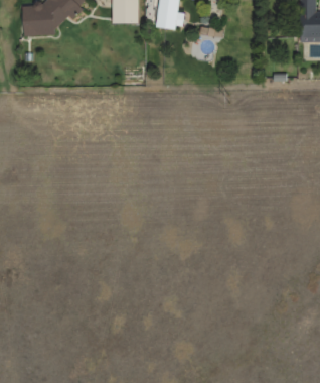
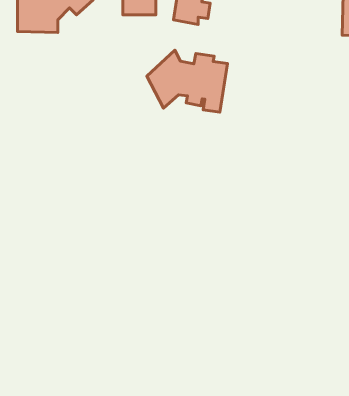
building: none -> [147,50,227,112]

